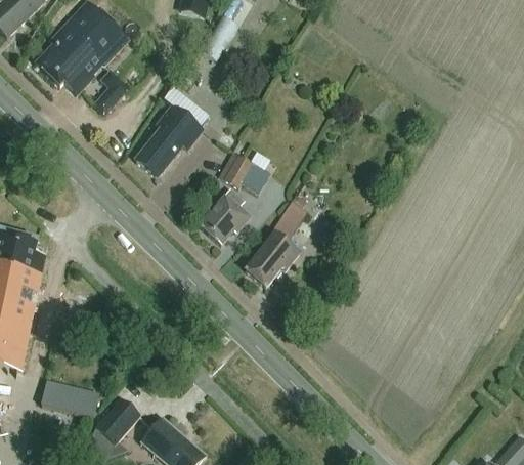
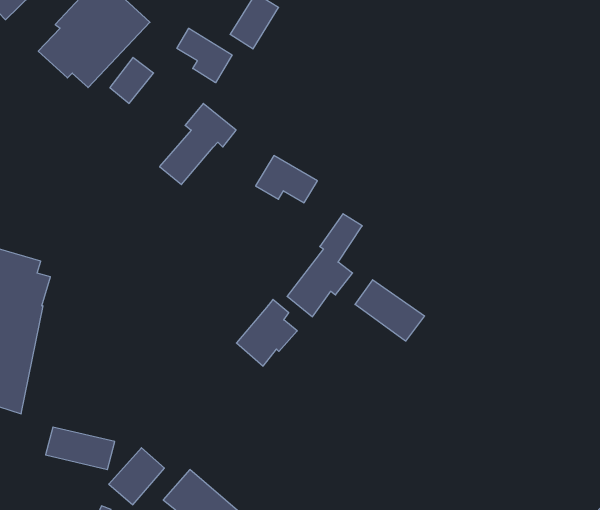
building: none -> [177,28,232,83]
building: [199,188,250,245] -> [236,299,297,366]
building: none -> [355,280,425,341]

